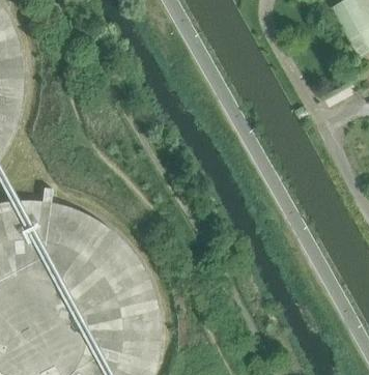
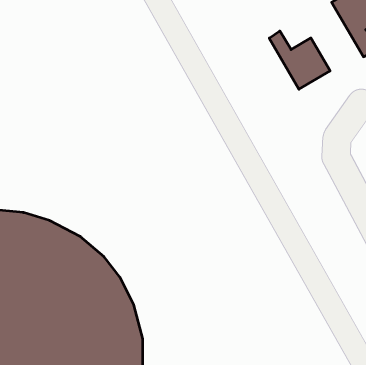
building: none -> [269,31,330,89]

